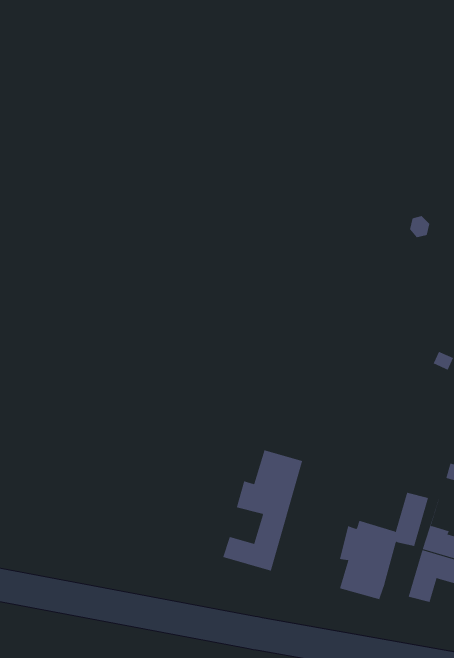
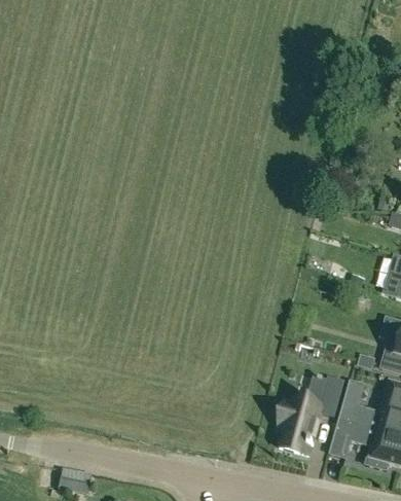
building: [222,449,303,572] -> none
building: none -> [58,466,90,491]

